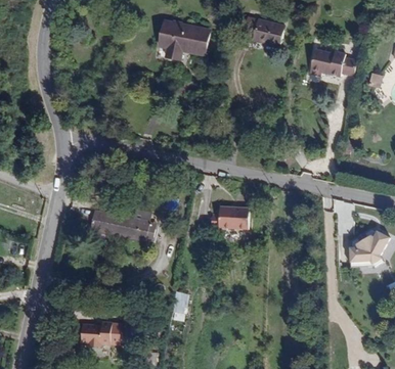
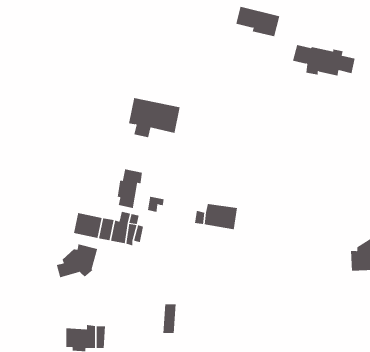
building: [160,20,209,58] -> [128,97,180,138]
building: none -> [117,168,143,209]
building: none -> [56,243,98,278]

